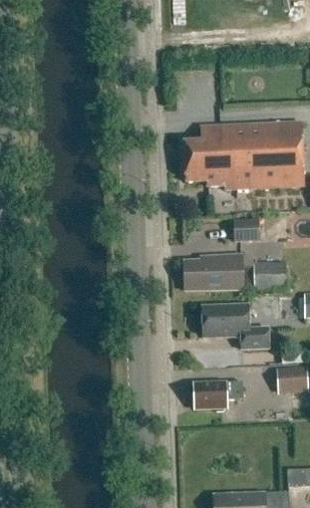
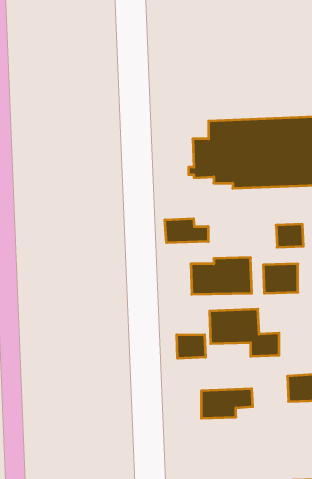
building: none -> [165,219,208,243]
building: [233,219,259,241] -> [276,224,303,247]
building: none -> [177,335,205,358]

